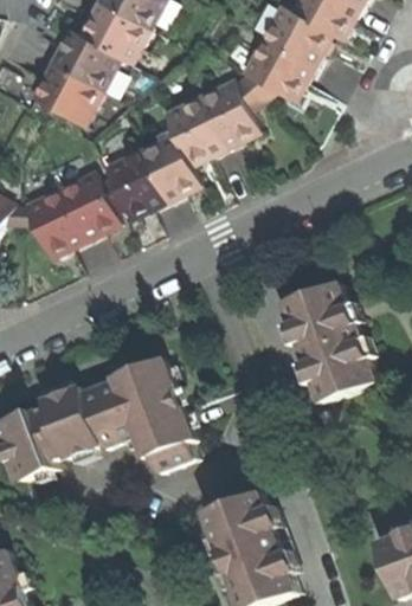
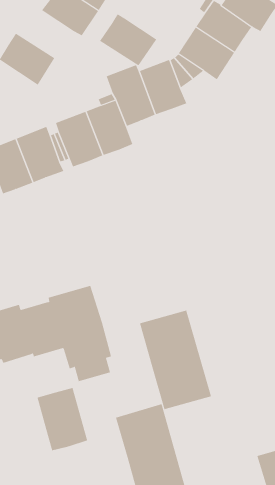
building: [47,30,116,90] -> [99,13,157,66]
building: [282,282,375,402] -> [139,310,212,410]
building: none -> [37,387,88,451]

